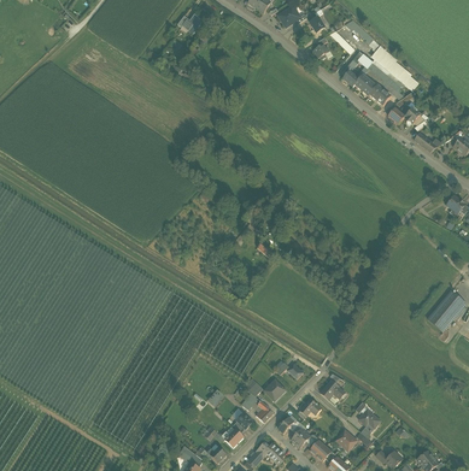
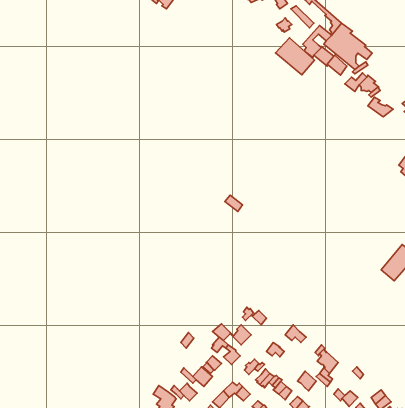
building: none -> [276,38,315,75]

